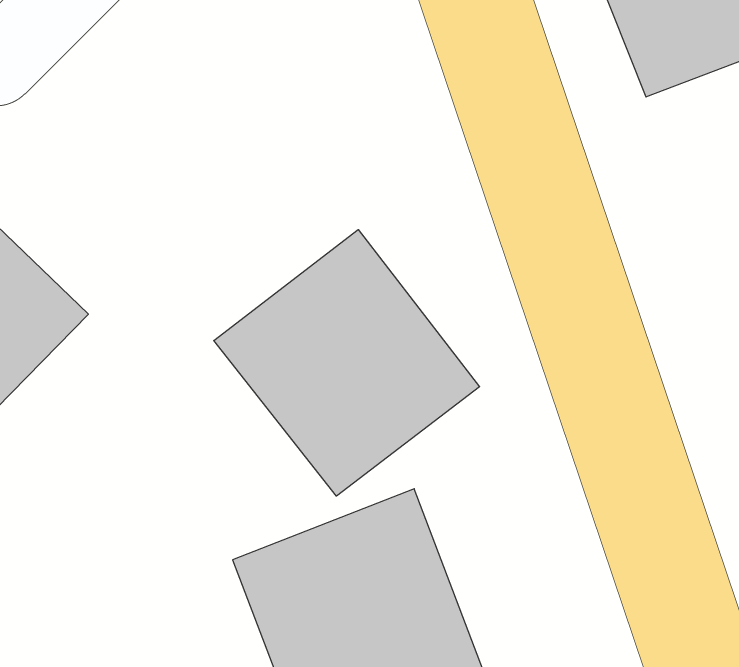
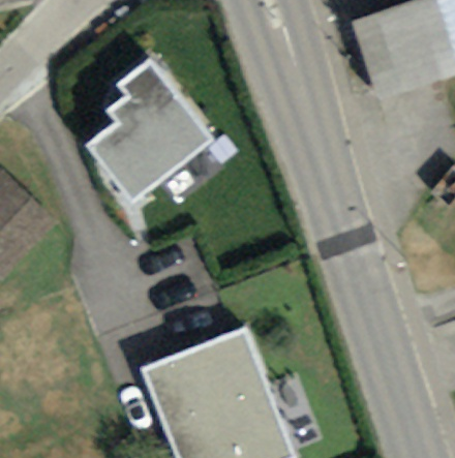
building: none -> [90,60,205,195]
building: [214,230,480,496] -> none

